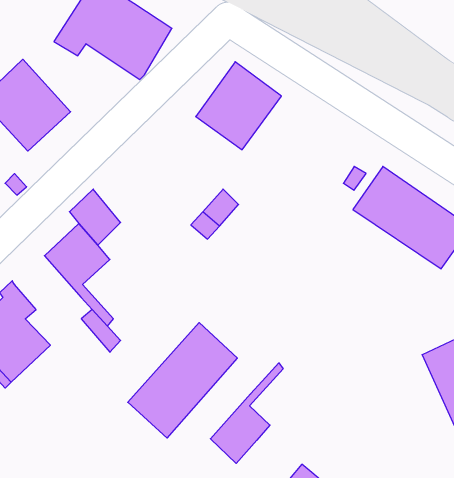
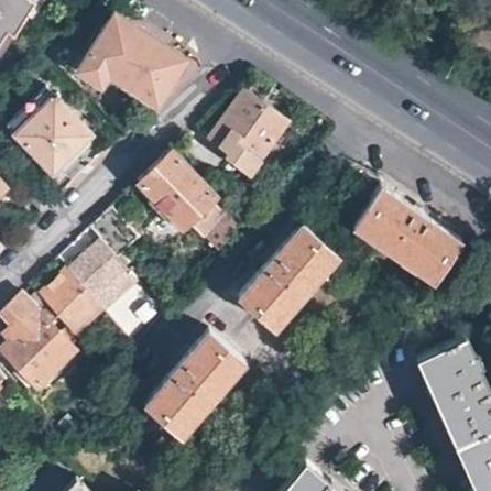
building: none -> [139,153,216,231]
building: none -> [239,227,339,334]
building: none -> [40,272,101,337]
building: [210,363,283,463] -> none

